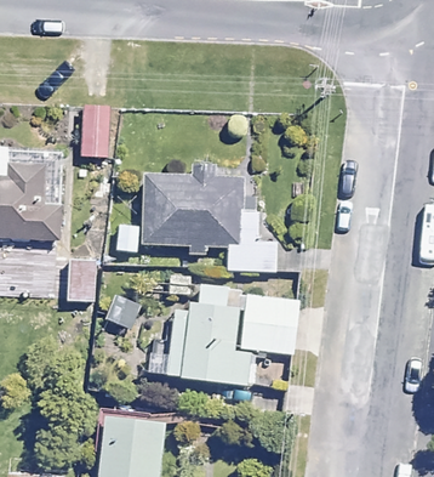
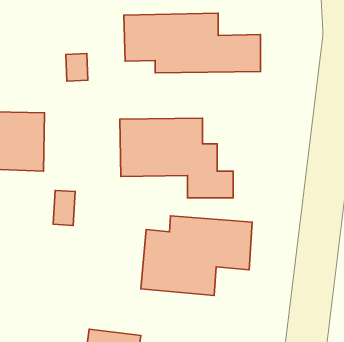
building: none -> [124,13,261,73]

